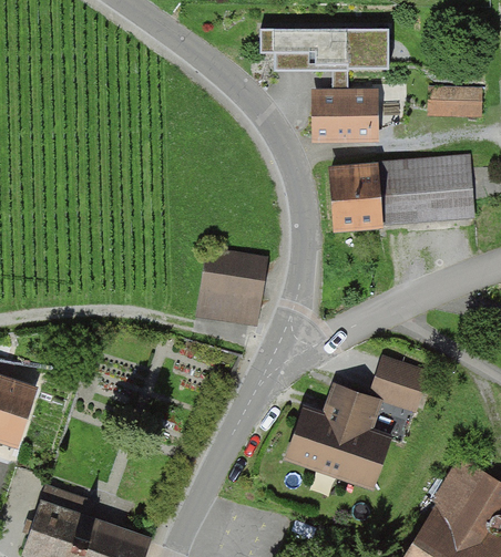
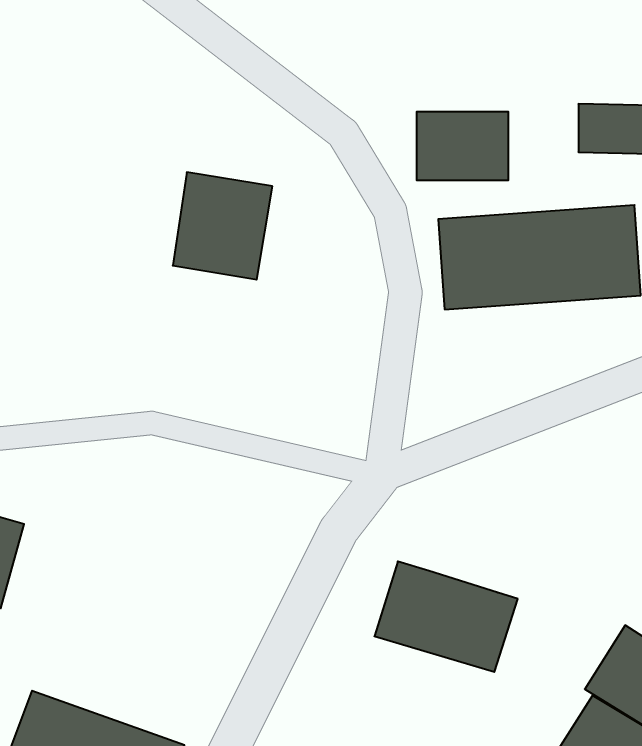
building: [262,27,391,90] -> none
building: [195,247,266,323] -> [173,172,272,280]
building: [371,355,432,409] -> none
building: [323,385,381,432] -> none

